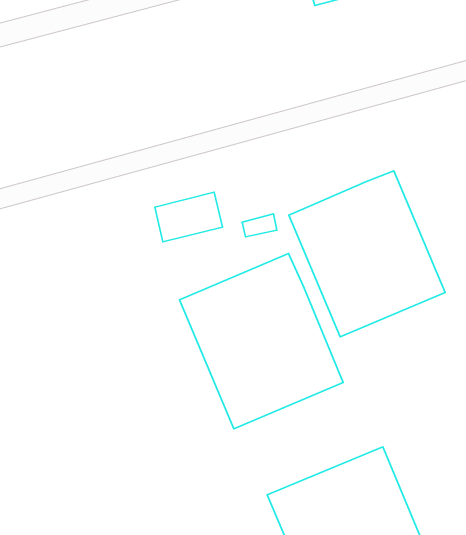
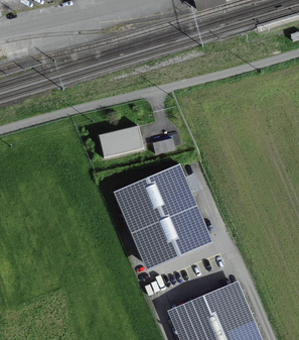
building: [289,171,445,337] -> none

